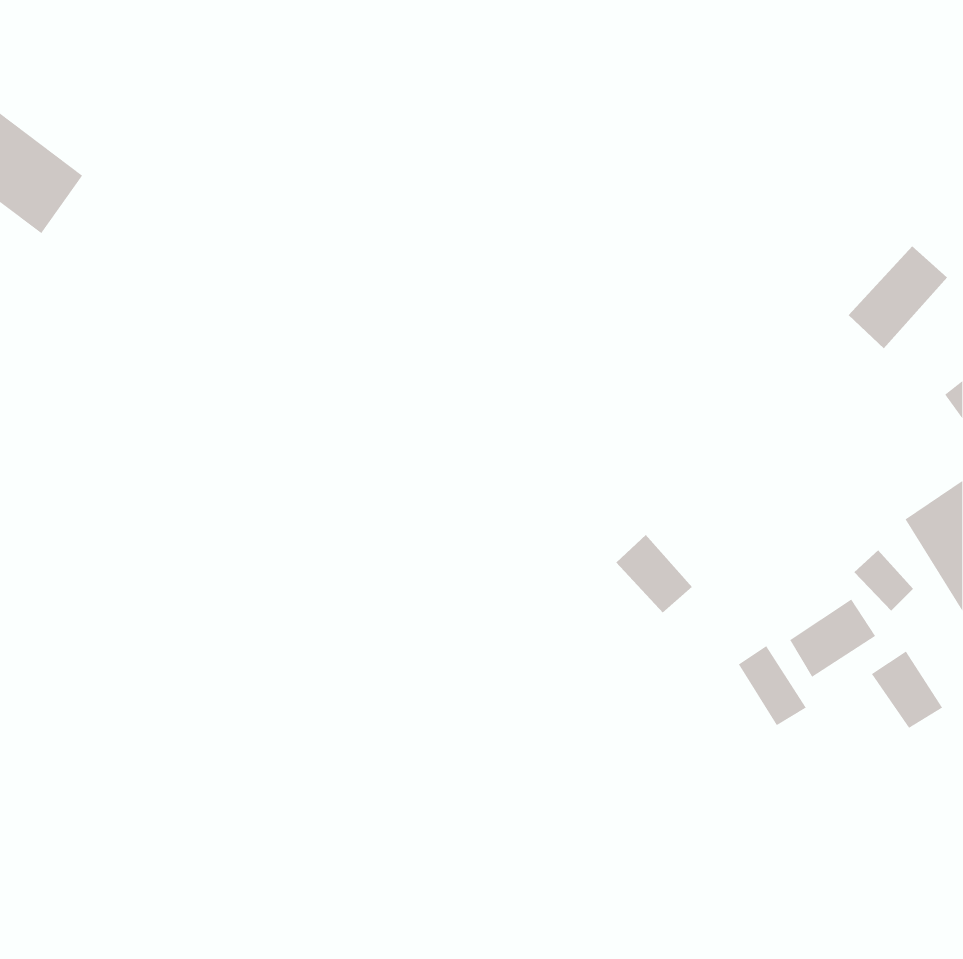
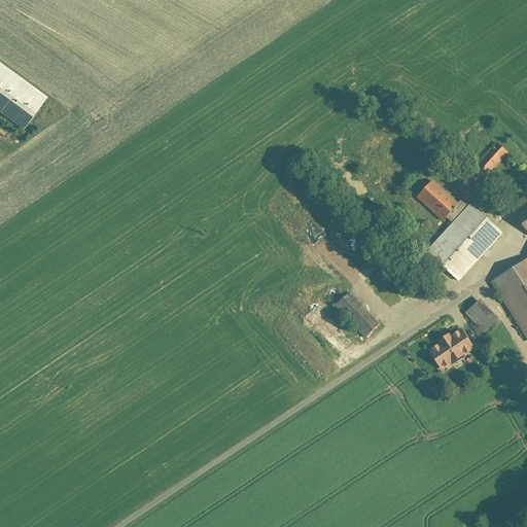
building: none -> [409,183,502,278]
building: [738,645,807,726] -> none
building: [871,650,943,729] -> none

